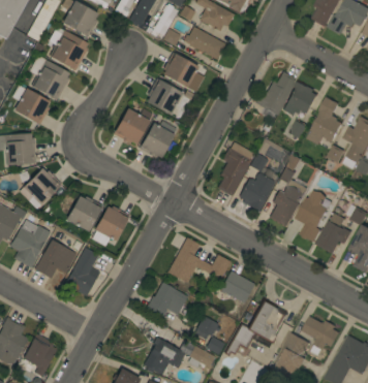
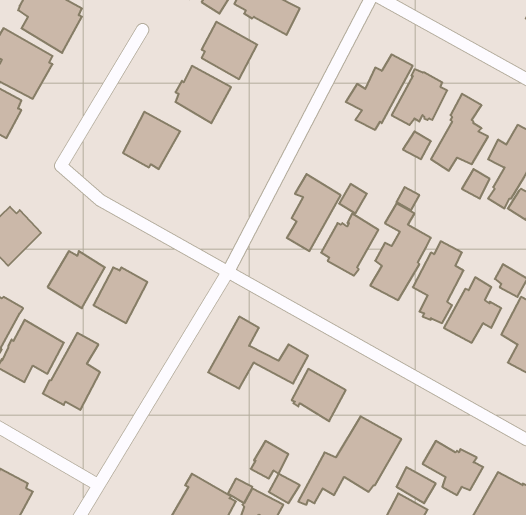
building: [137,123,174,158] -> none
building: [146,282,187,317] -> none

